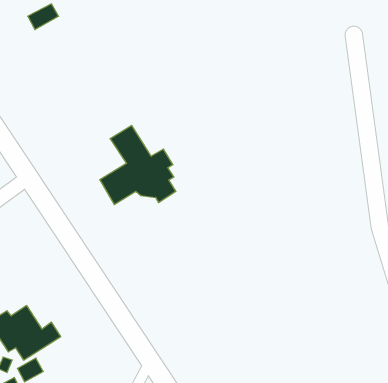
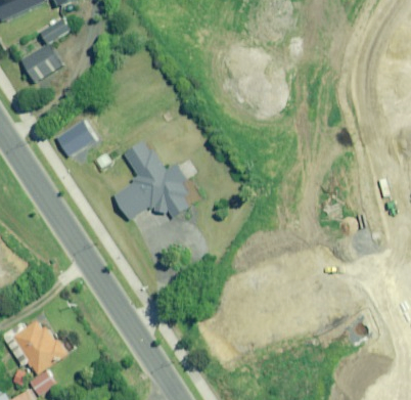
building: none -> [21,45,61,82]
building: none -> [56,123,93,155]

